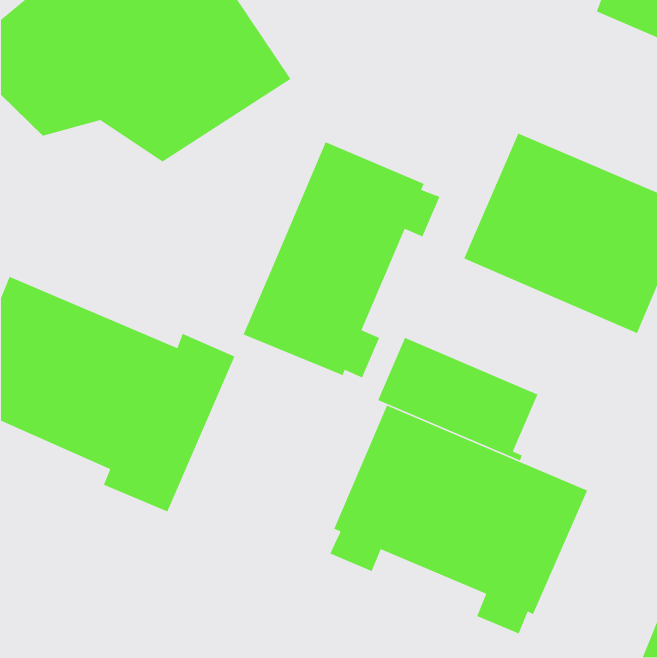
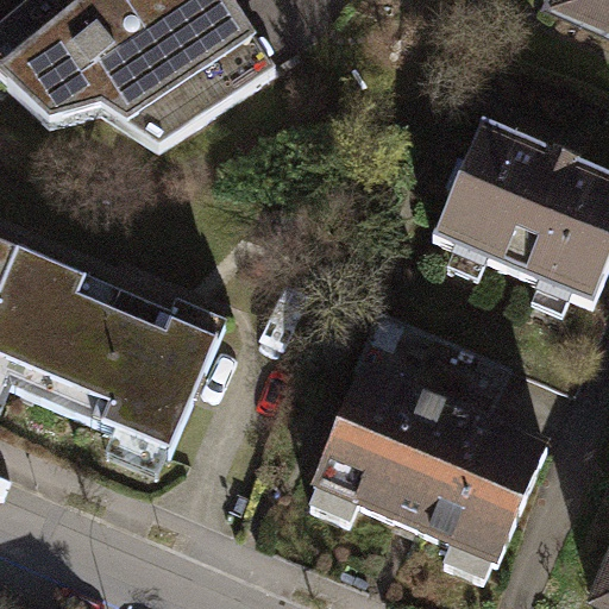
building: [243,141,440,379] -> none

